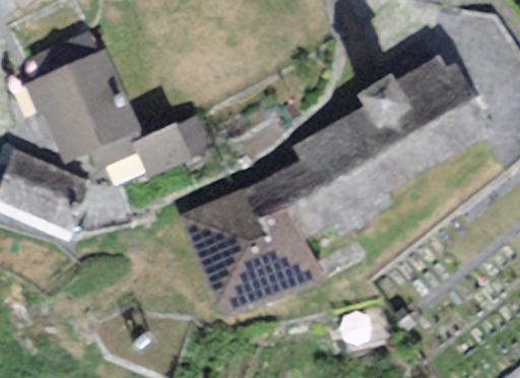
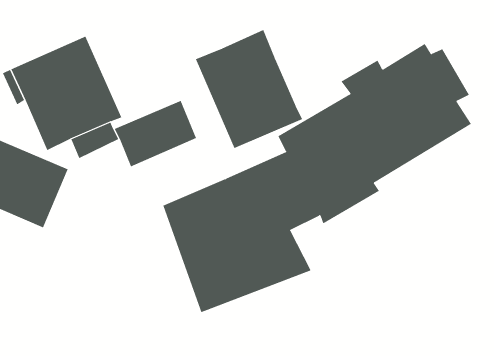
building: none -> [195,29,303,149]

